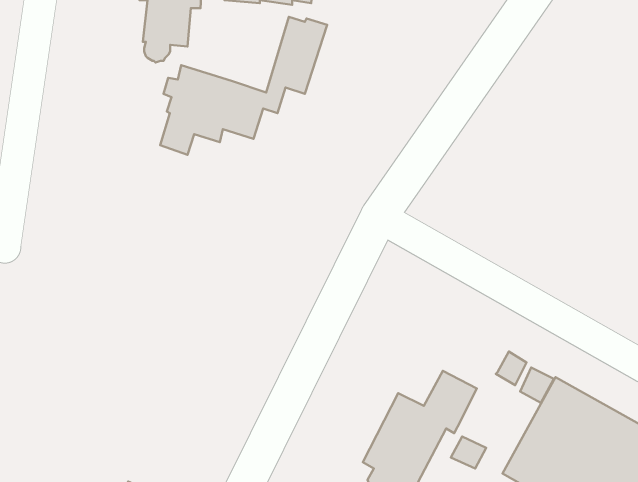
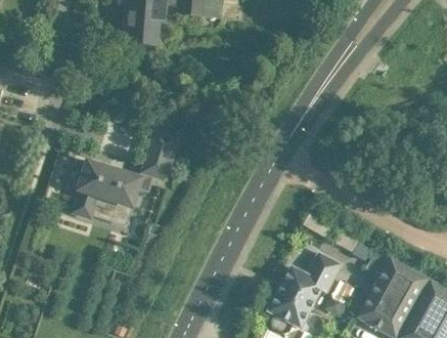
building: [160,17,327,155] -> [73,129,179,217]

